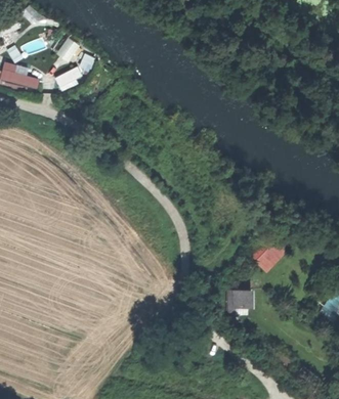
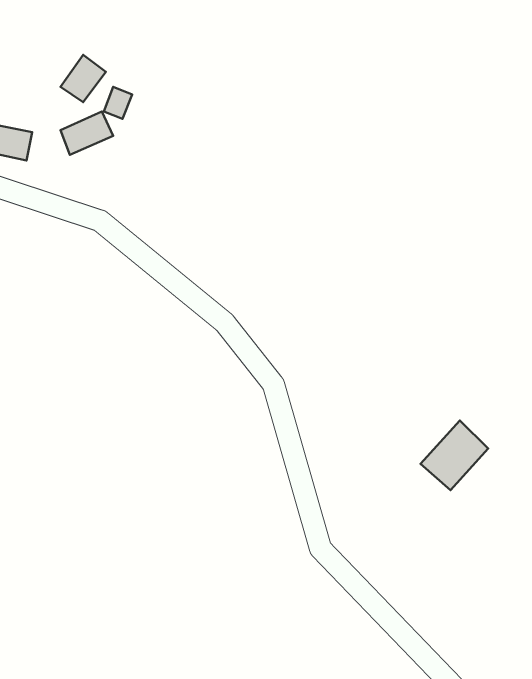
building: [227,290,251,315] -> none

